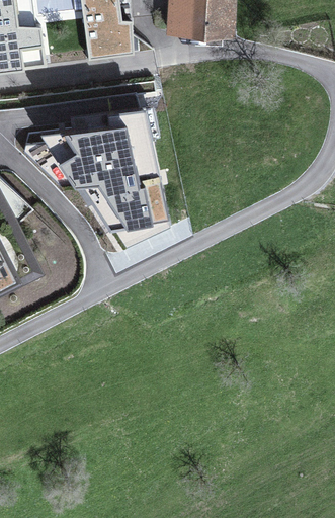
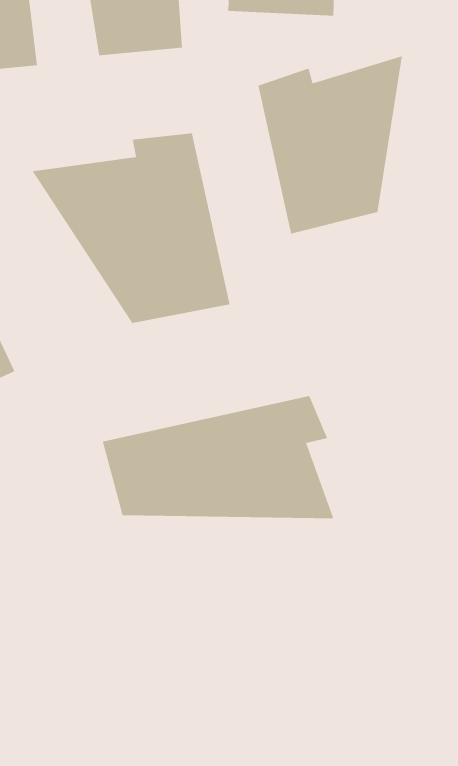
building: none -> [257,55,403,235]
building: none -> [102,395,334,519]

